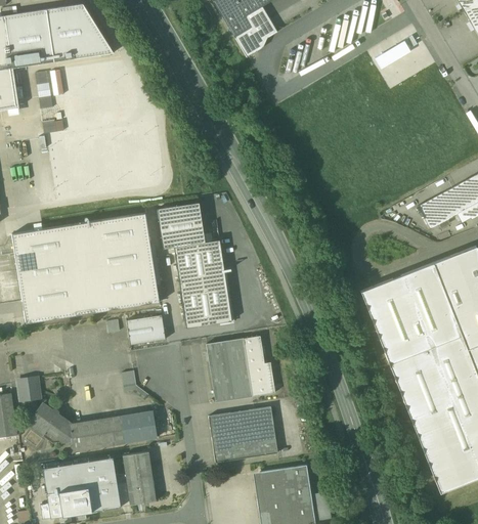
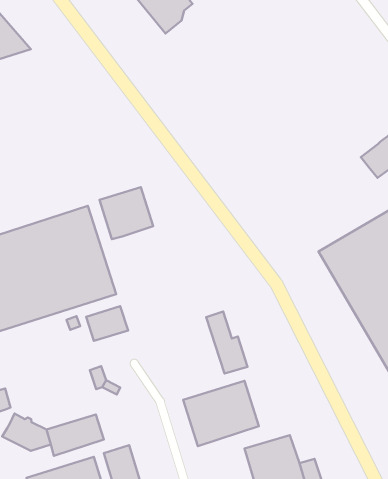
building: [173,241,231,329] -> none
building: [206,339,252,402] -> none
building: [121,411,157,442] -> none

